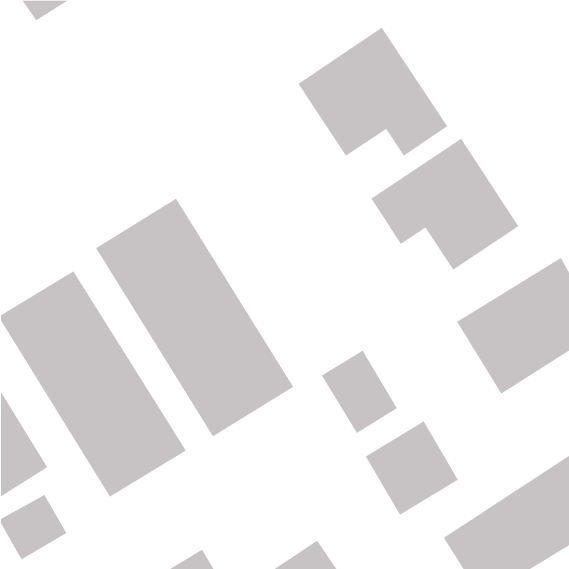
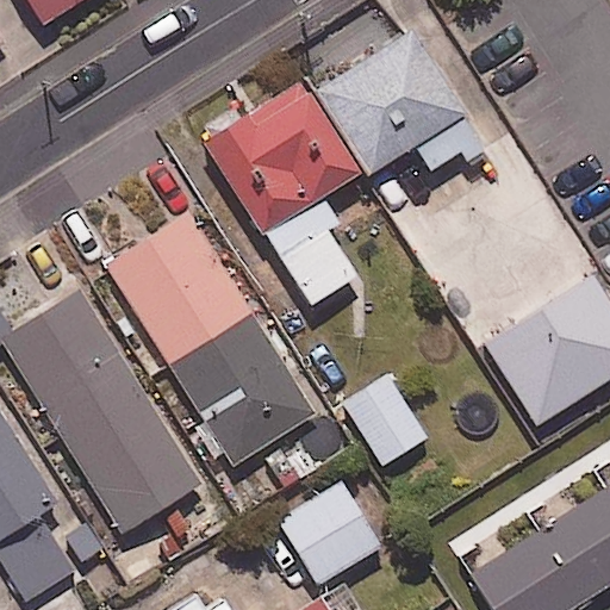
building: none -> [205,76,371,305]
building: [370,138,519,270] -> none
building: [365,421,459,516] -> [280,483,380,584]

